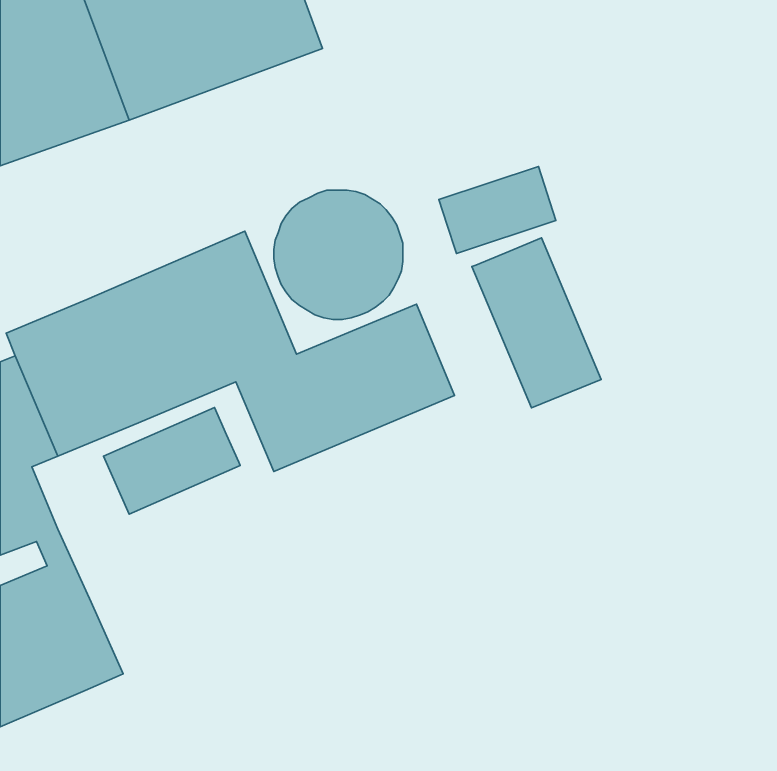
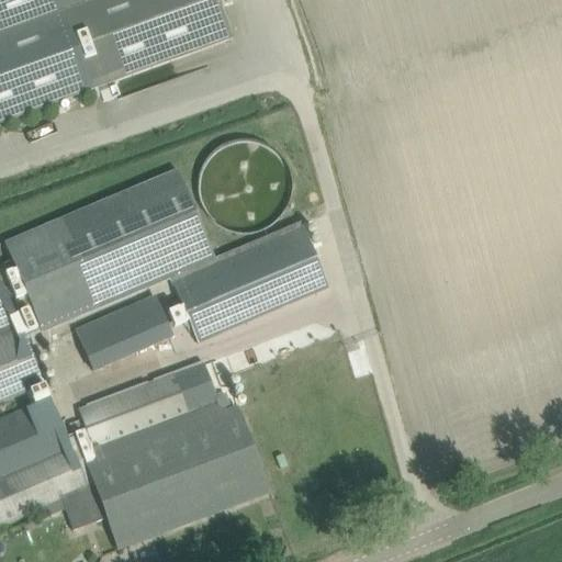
building: [439,166,556,254] -> none
building: [472,238,601,408] -> none
building: none -> [61,360,270,547]

